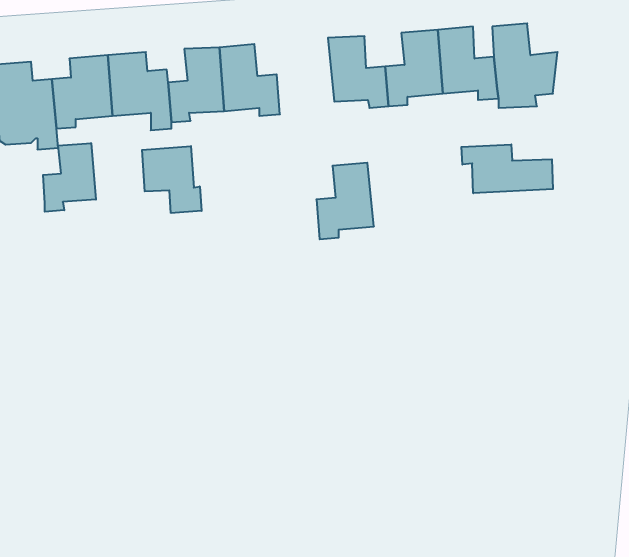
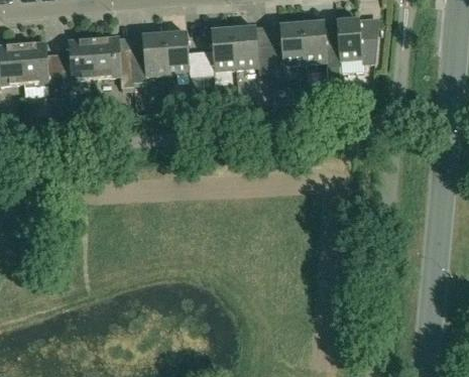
building: [43,143,96,212] -> none
building: [461,144,553,193] -> none
building: [142,146,202,213] -> none
building: [316,163,374,239] -> [201,26,237,75]

